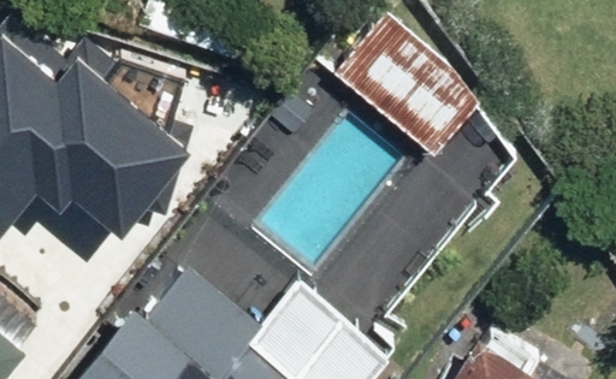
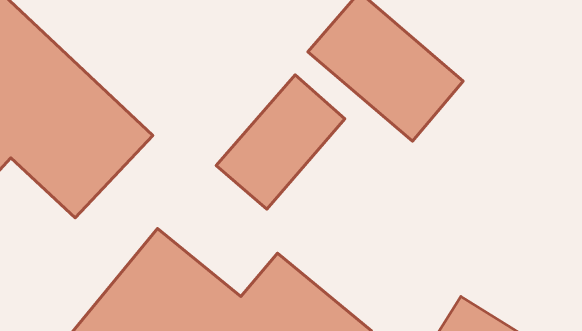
building: none -> [216,75,345,209]

